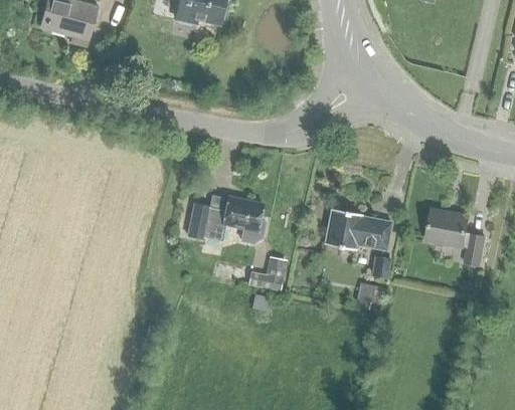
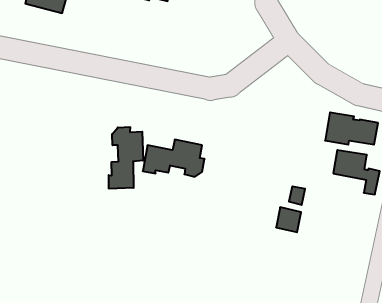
building: none -> [109,127,143,189]
building: [325,209,391,249] -> [325,112,378,145]
building: [249,257,286,289] -> none

